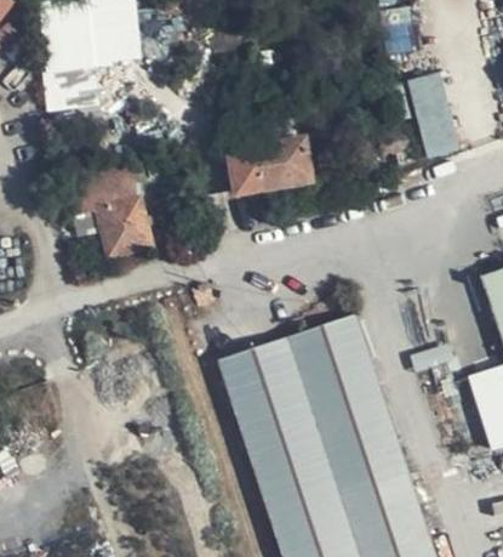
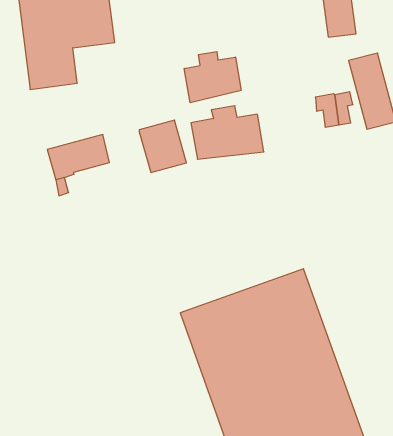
building: none -> [184,52,241,103]
building: [97,198,150,257] -> [139,120,186,173]

